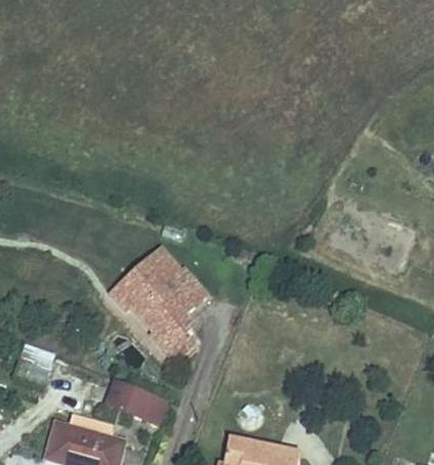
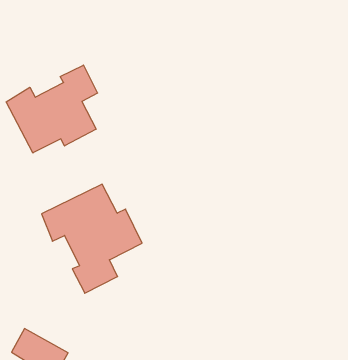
building: none -> [6,65,98,153]

